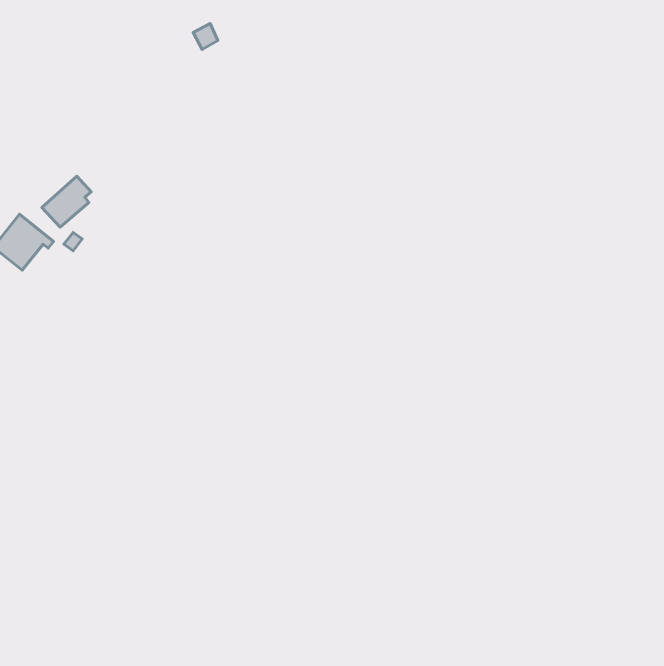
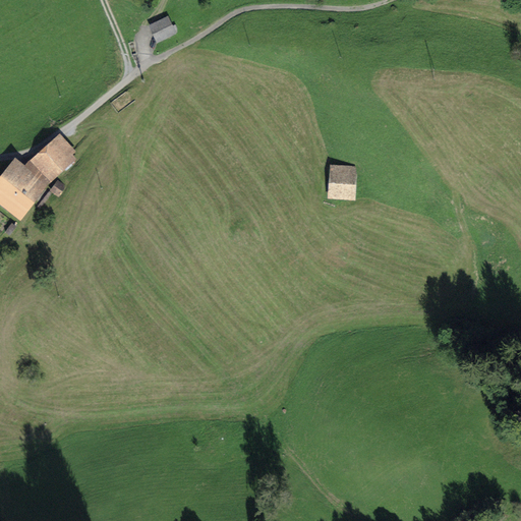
building: none -> [331,166,352,195]

